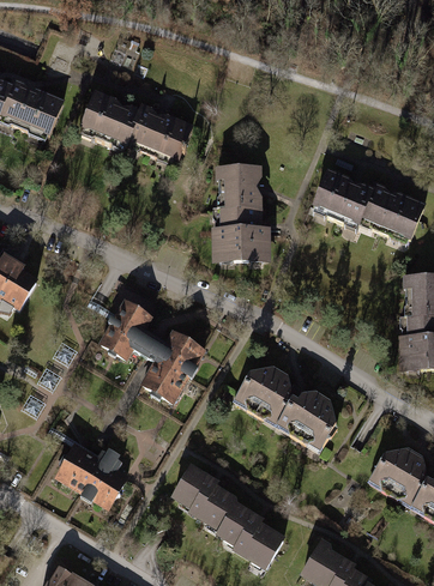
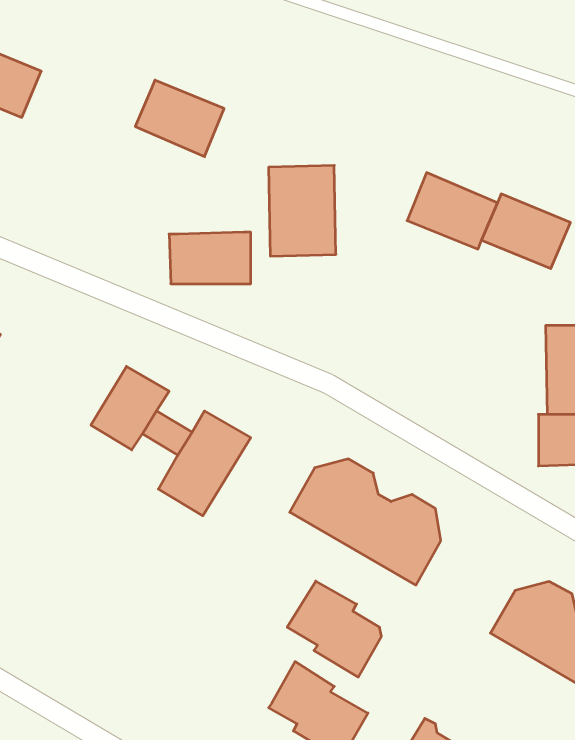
building: [77,95,138,146] -> none
building: [212,226,267,261] -> [169,232,251,284]
building: [55,443,127,506] -> none
building: [171,464,235,528] -> [287,581,381,677]

